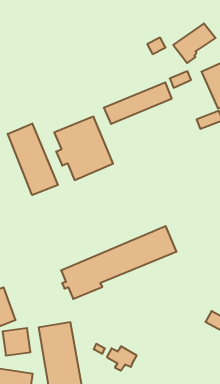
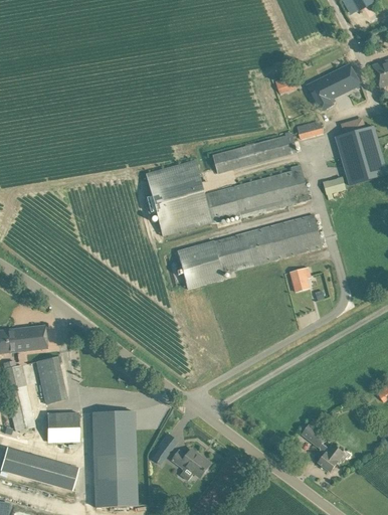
building: none -> [208,168,310,221]
building: [8,123,58,195] -> none
building: none -> [289,266,312,291]
building: [61,226,177,299] -> [176,213,323,288]

